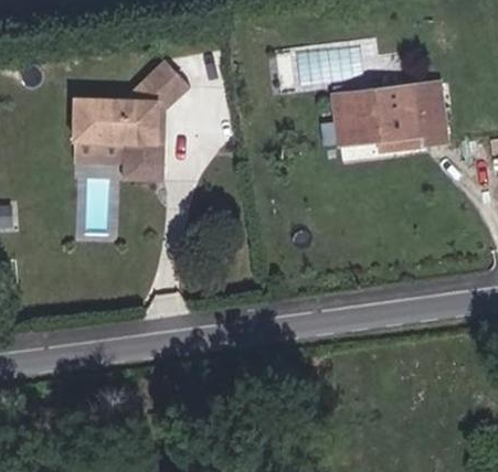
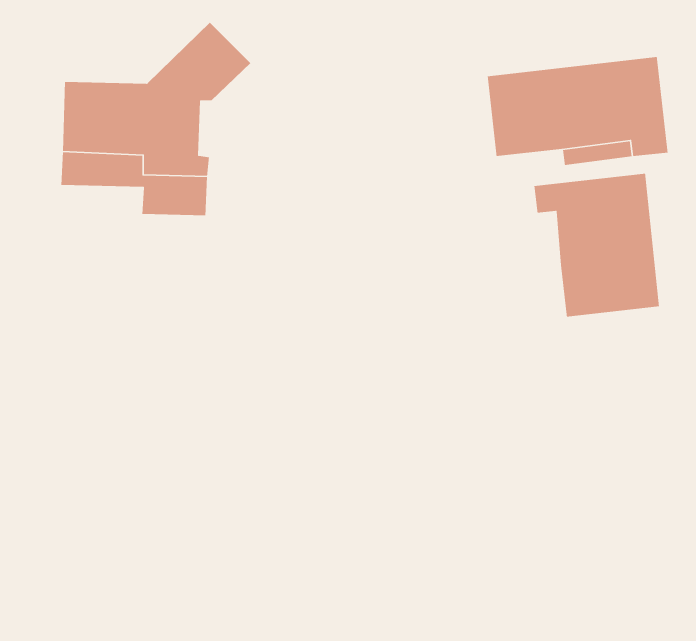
building: none -> [533,173,660,317]

